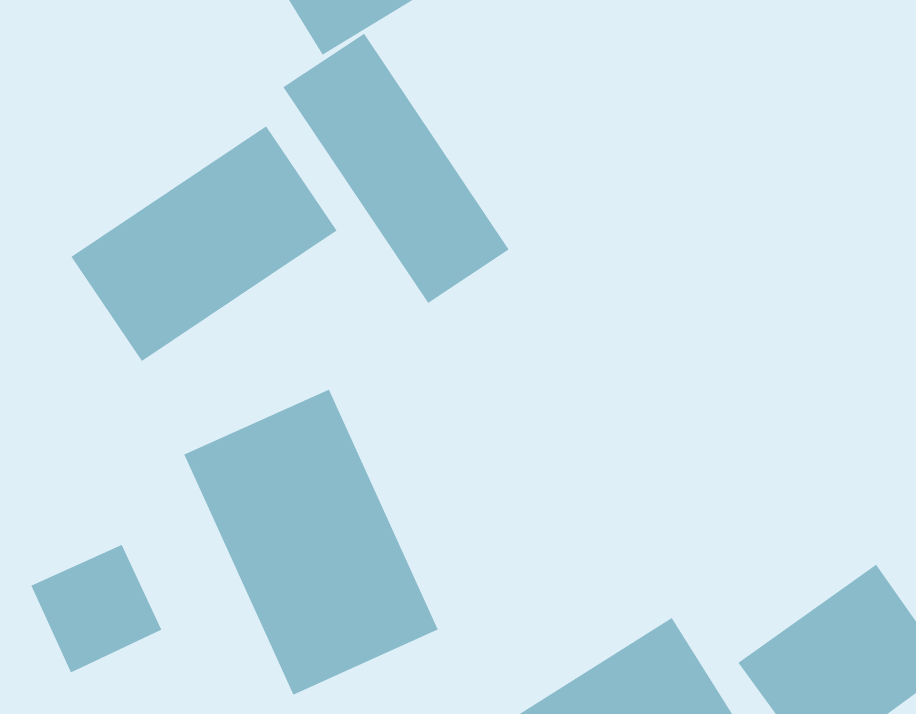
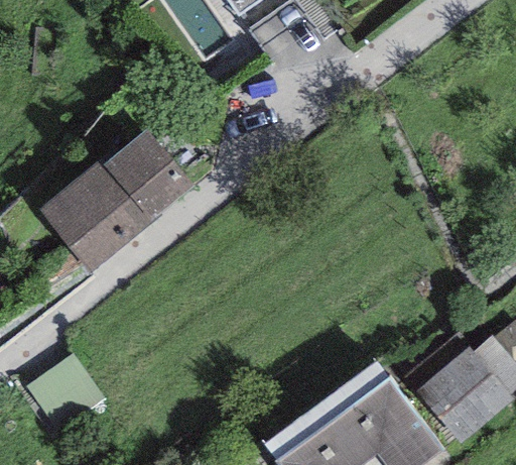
building: [282,33,510,304] -> none
building: [184,389,439,695] -> none

